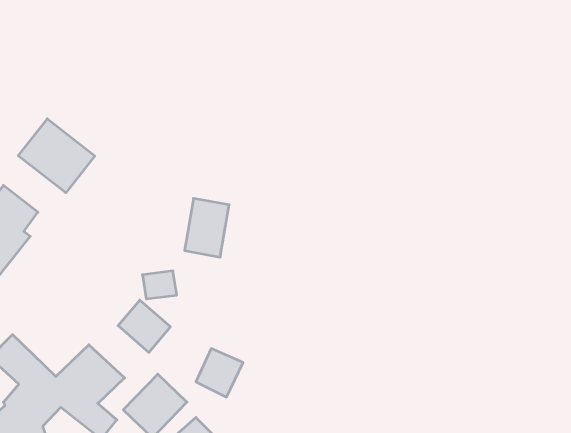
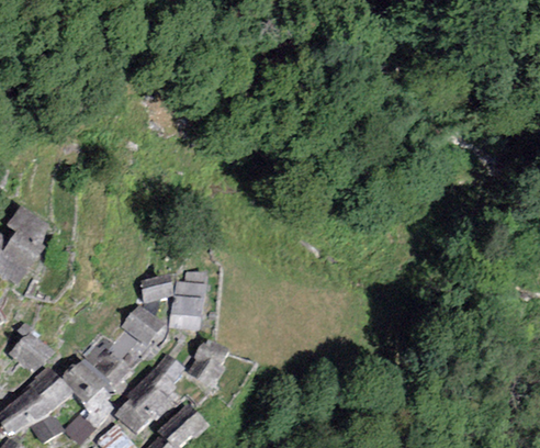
building: [18,119,95,193] -> none
building: [185,198,229,257] -> [169,280,207,331]

